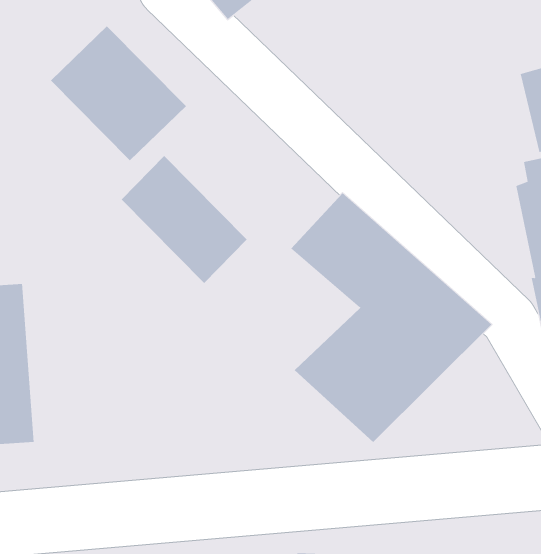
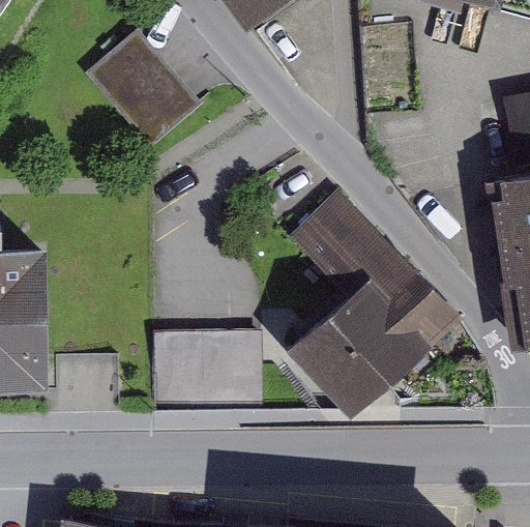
building: [121,155,248,284] -> none
building: none -> [154,331,265,410]

